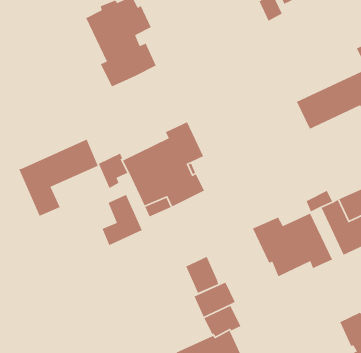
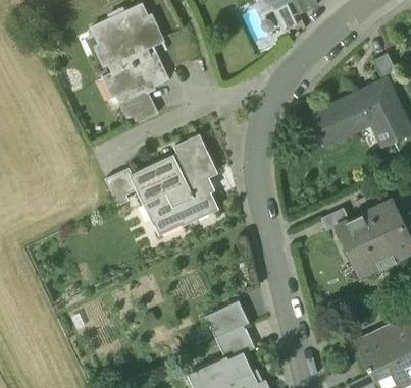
building: none -> [120,90,157,126]
building: [18,139,99,217] -> none
building: [101,194,143,246] -> none
building: [252,213,333,277] -> none
building: [185,256,219,294] -> none

